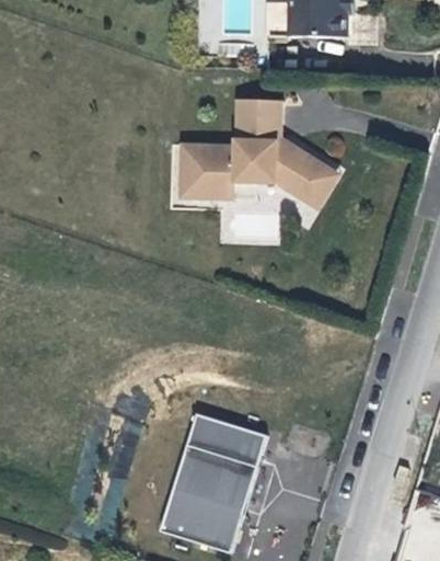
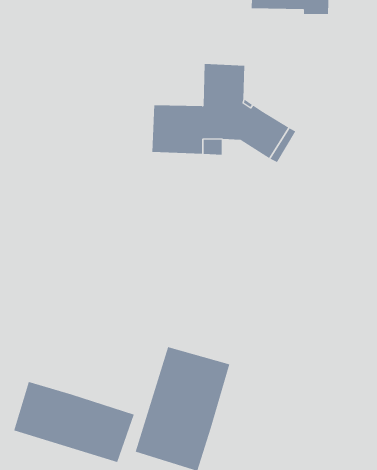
building: none -> [13,381,134,463]

